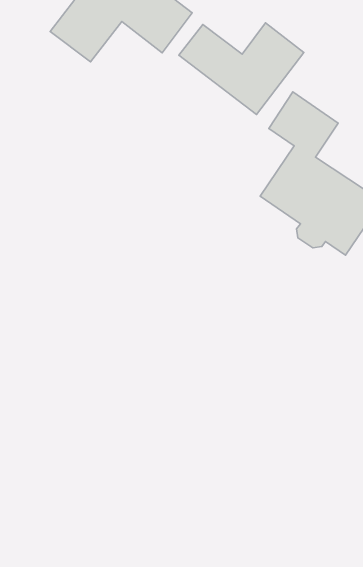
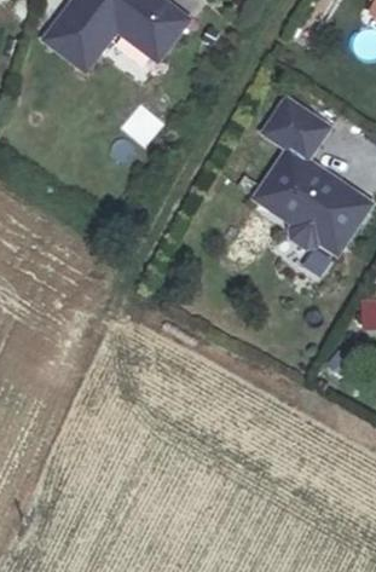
building: [179,23,304,115] -> none

